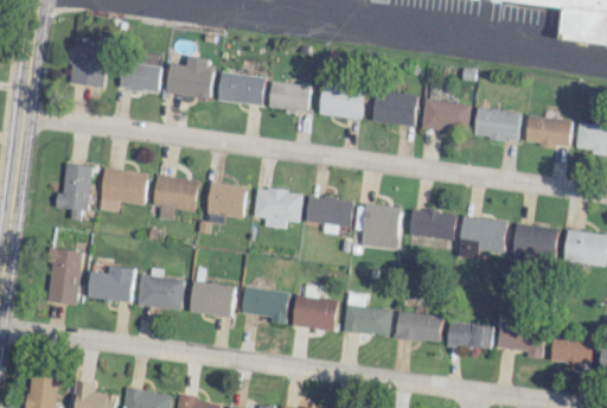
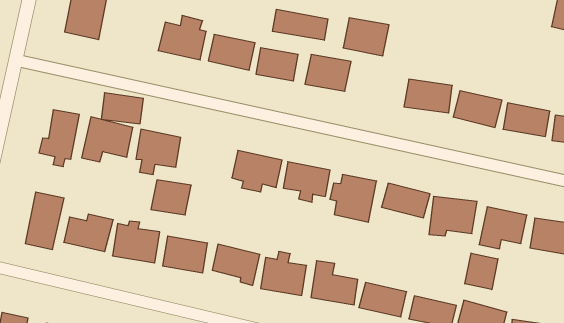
building: none -> [272,9,328,40]
building: [121,63,162,91] -> [101,93,143,124]
building: [373,91,418,127] -> [343,18,389,56]
building: [207,184,247,217] -> [151,180,191,215]
building: none -> [465,253,498,290]

